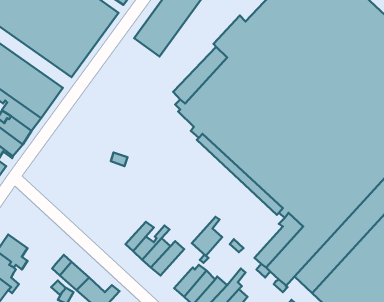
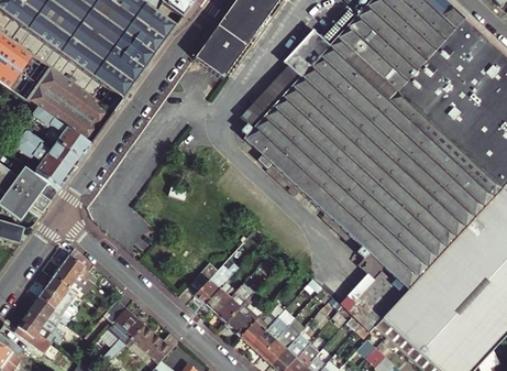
building: none -> [53,247,91,295]
building: [192,217,222,256] -> [224,293,258,337]

